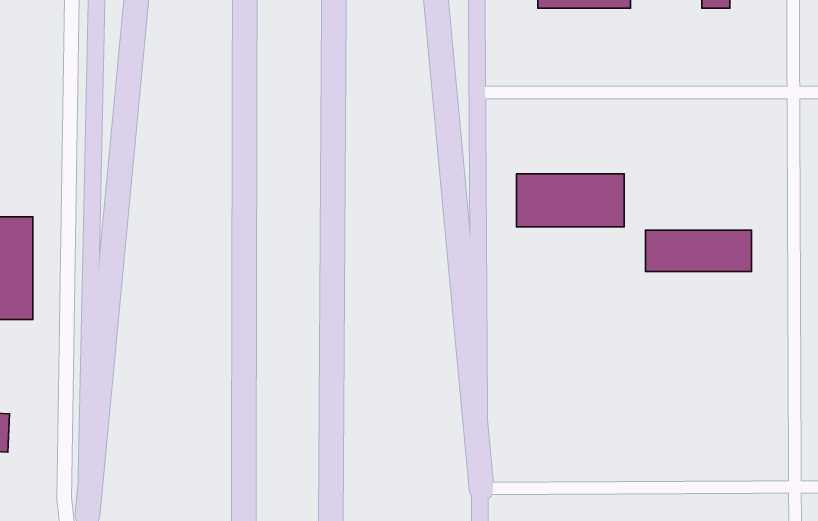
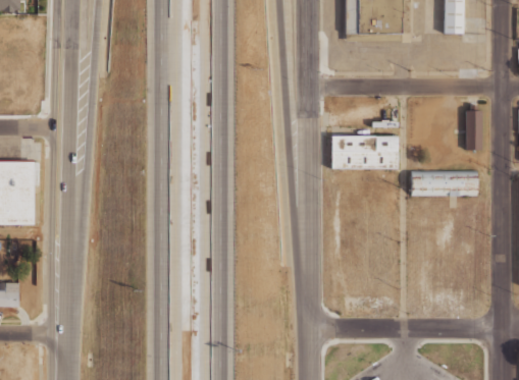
building: none -> [465,105,481,149]

